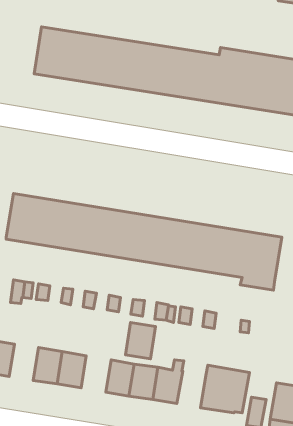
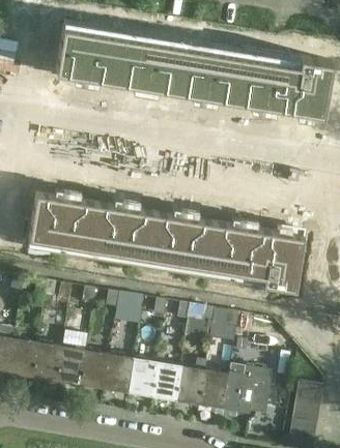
building: [125,322,156,359] -> [103,356,133,392]
building: none -> [31,345,60,381]
building: none -> [198,371,227,408]

